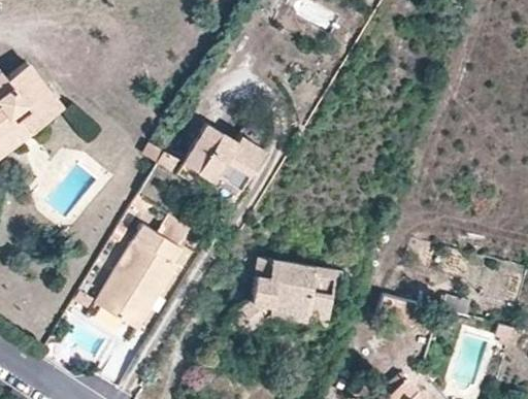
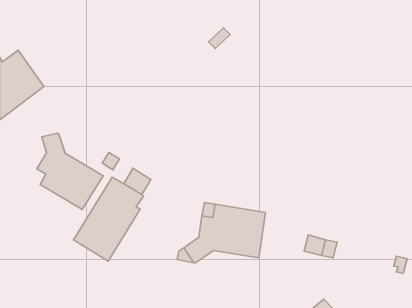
building: [184,124,264,189] -> none
building: none -> [37,133,103,209]

